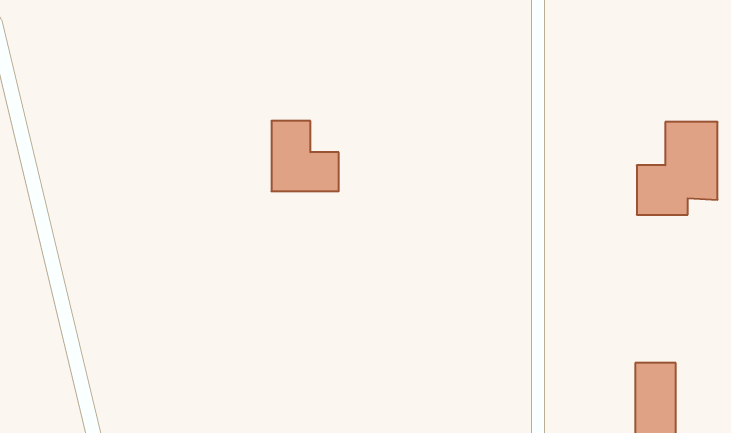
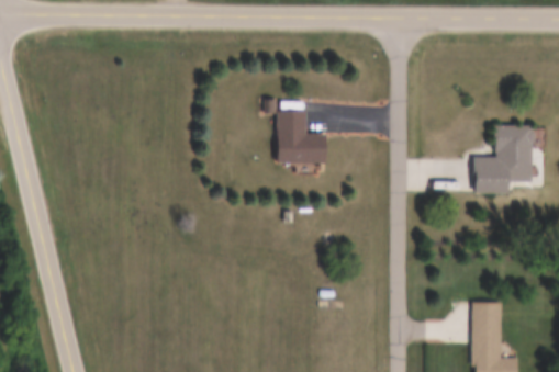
building: [271,121,339,191] -> [278,111,327,162]

